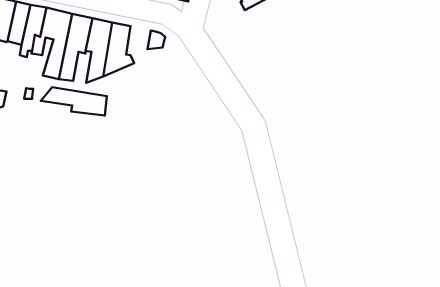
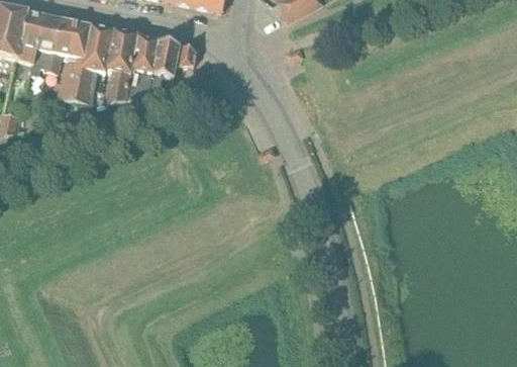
building: none -> [151,40,180,77]
building: [41,87,107,115] -> none

